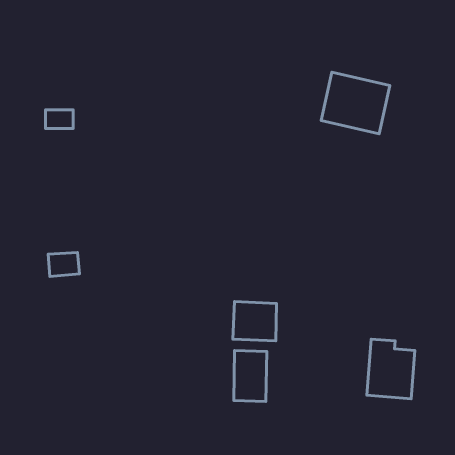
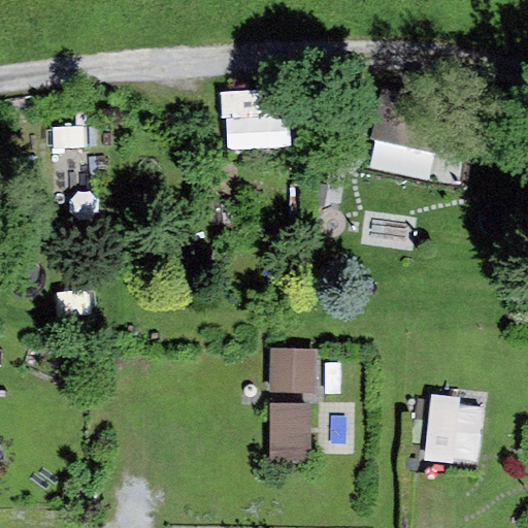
building: none -> [223,87,292,151]

